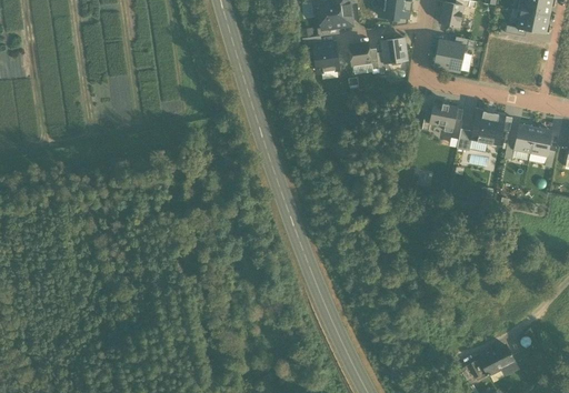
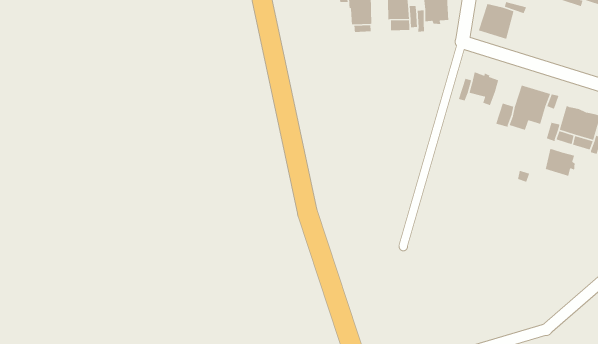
building: none -> [545,148,576,177]

